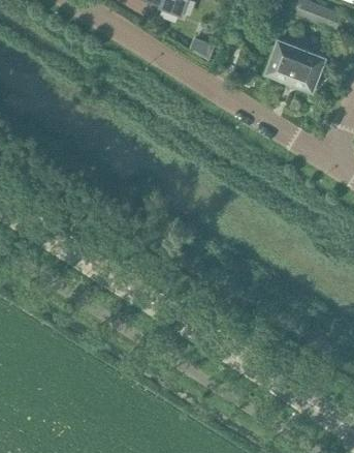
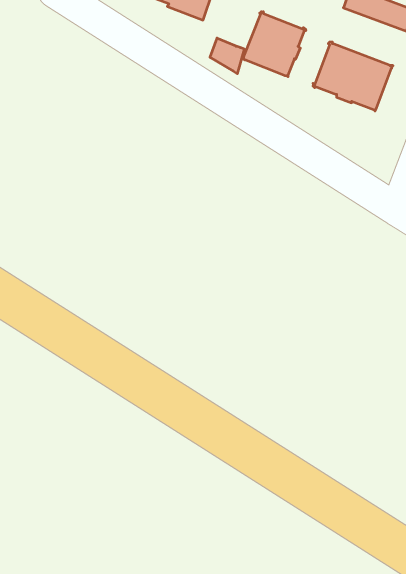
building: none -> [242,12,306,77]

